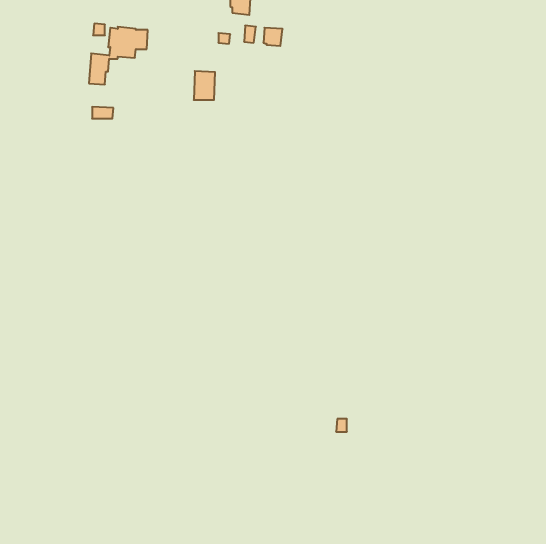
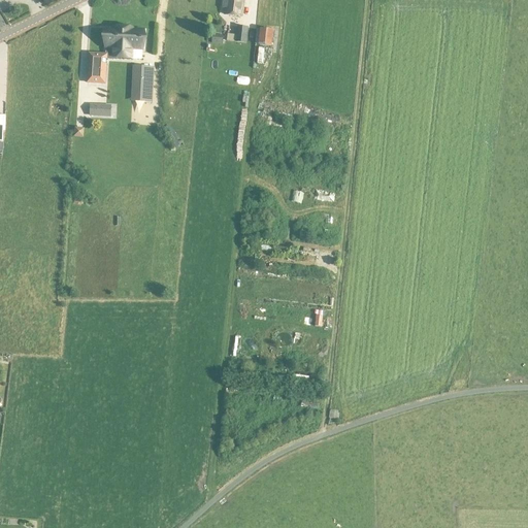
building: [194,71,215,100] -> [131,65,152,93]

